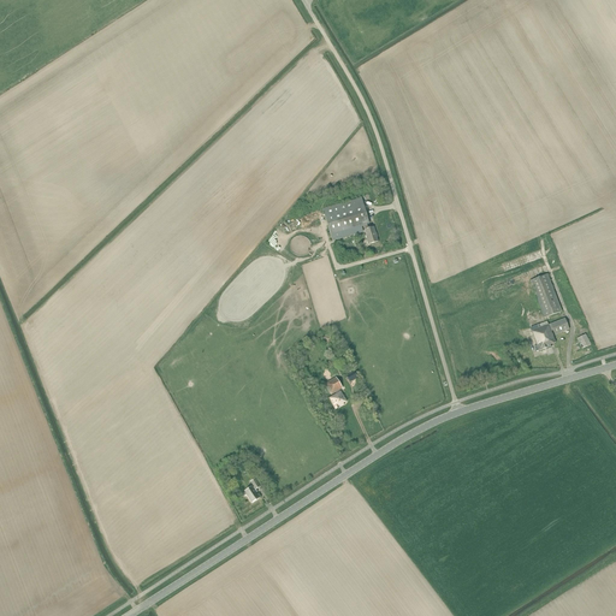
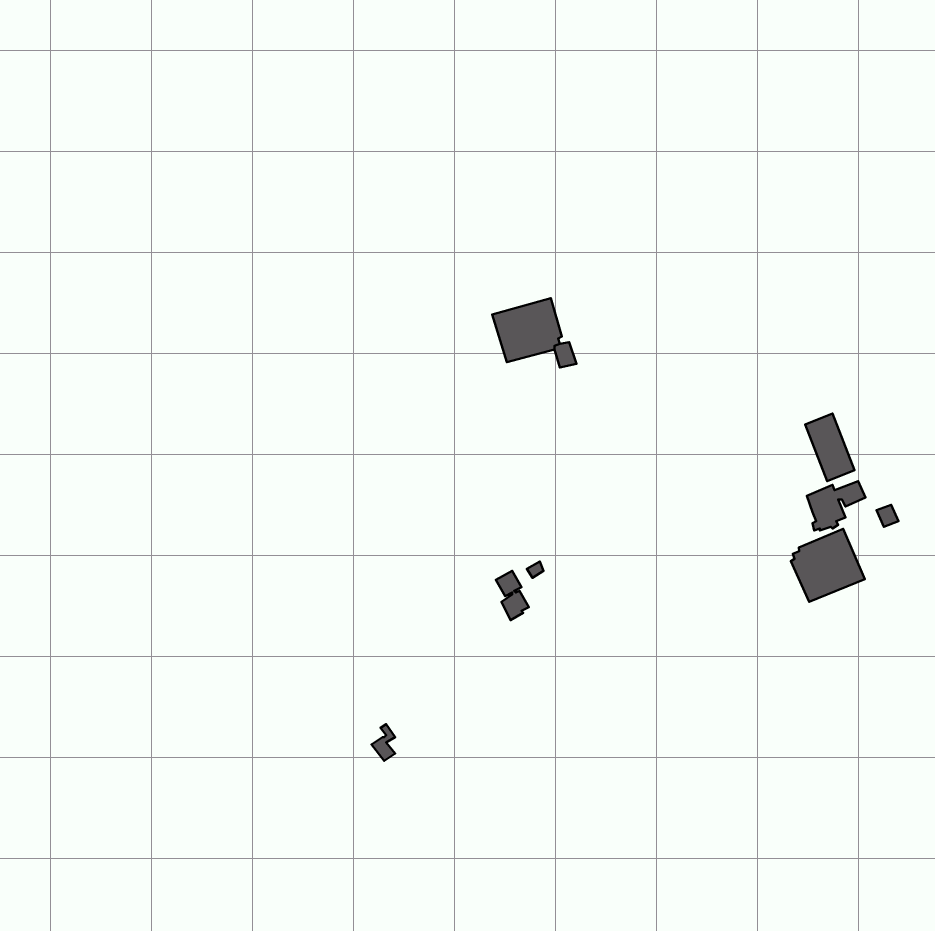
building: none -> [791,529,865,602]

